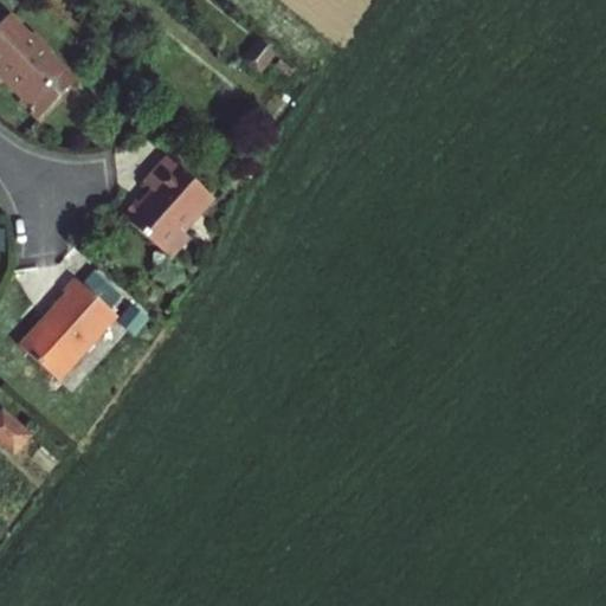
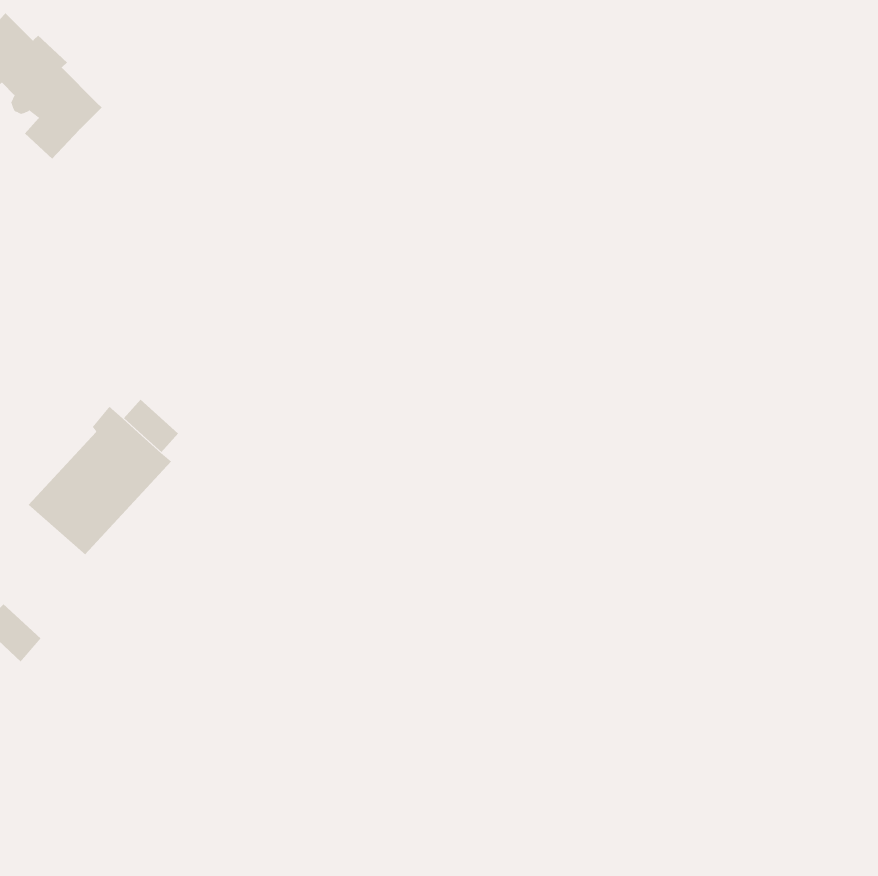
building: [125,157,215,259] -> none

